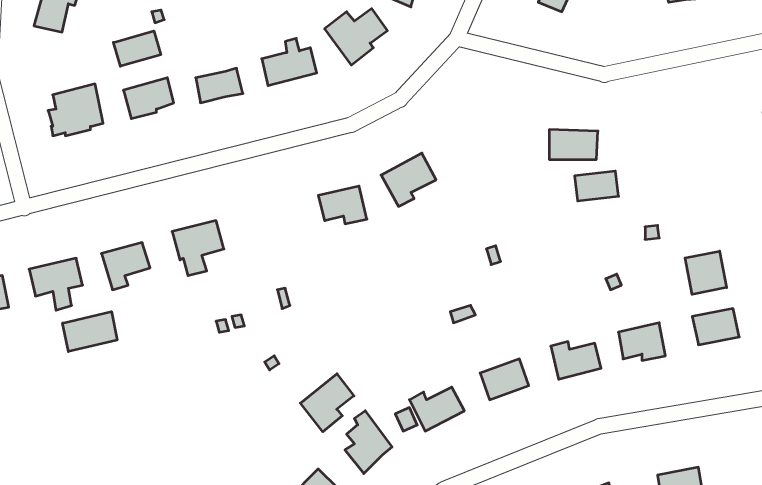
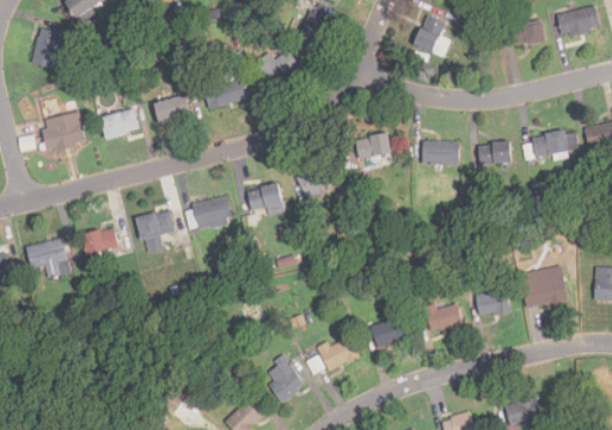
building: [113,31,161,66] -> none
building: none -> [532,131,579,160]
building: none -> [356,133,393,168]
building: [575,171,619,201] -> [478,141,512,164]
building: none -> [185,195,232,228]
building: [685,251,727,294] -> none
building: [63,312,117,352] -> none
building: [300,374,354,432] -> none

